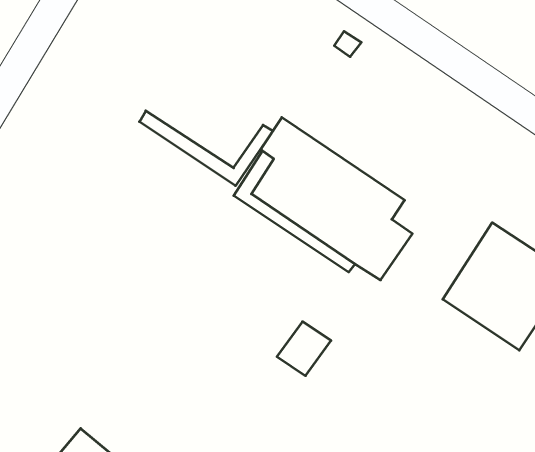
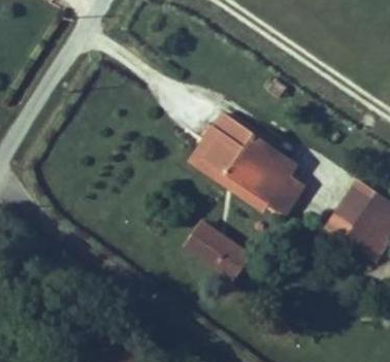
building: [139,111,273,186] -> none
building: none -> [187,222,233,266]

